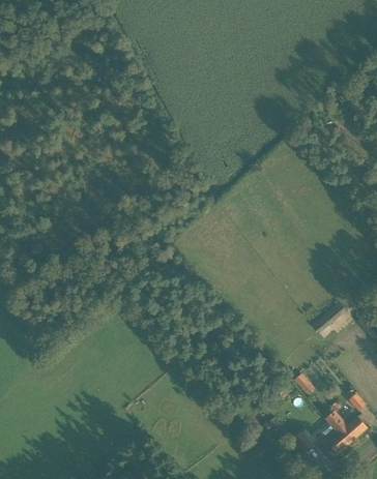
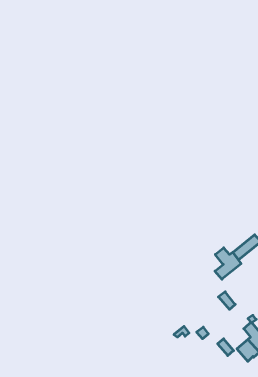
building: none -> [215,248,241,279]

